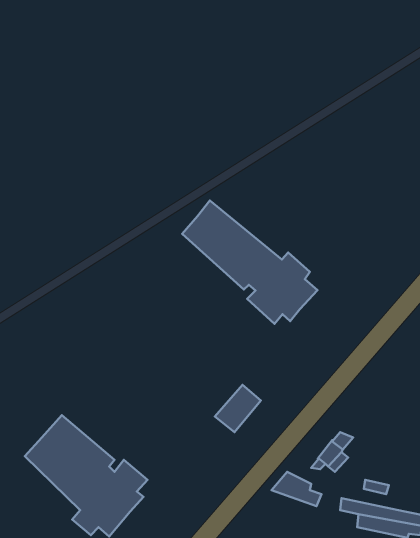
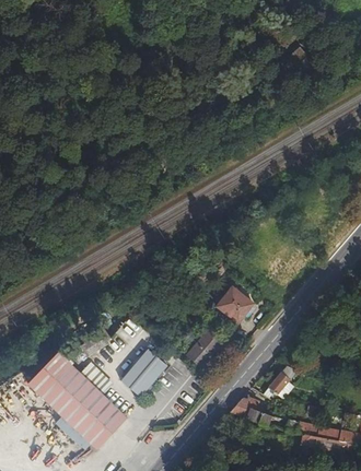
building: [182,201,317,324] -> none
building: none -> [217,285,253,321]
building: none -> [120,349,168,398]

